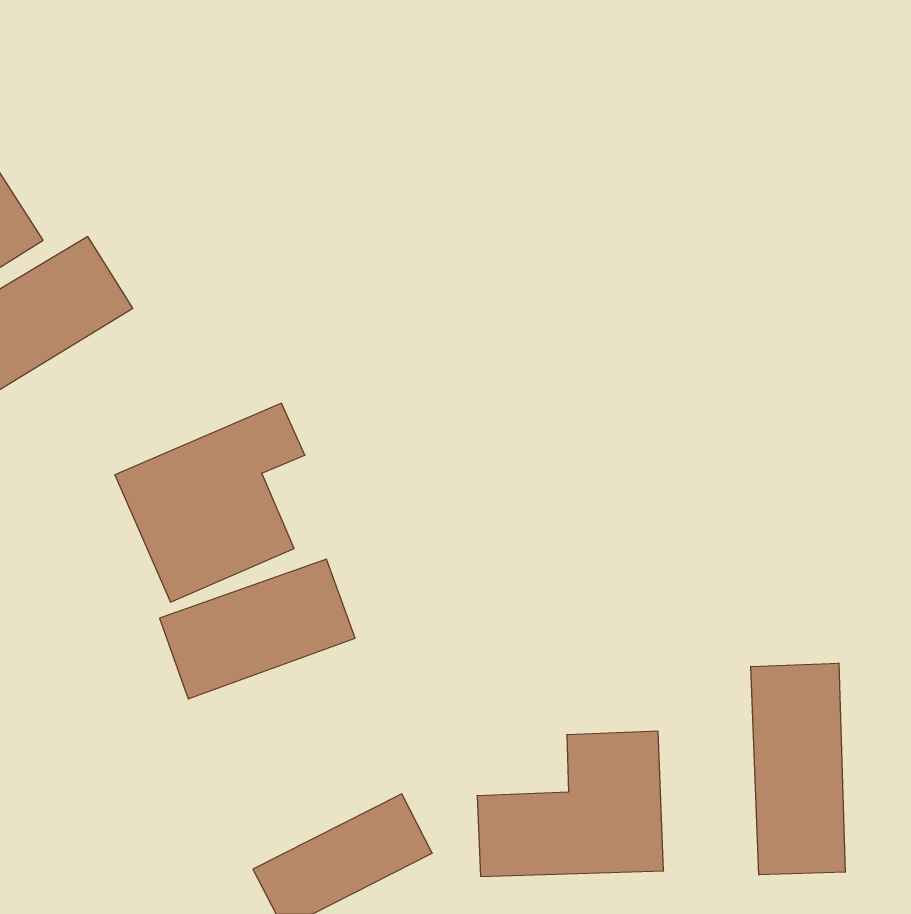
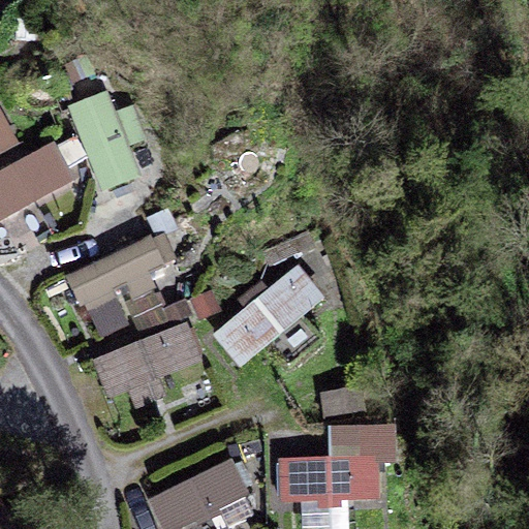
building: none -> [73,89,134,188]
building: none -> [210,263,326,365]
building: [751,663,845,875] -> none

